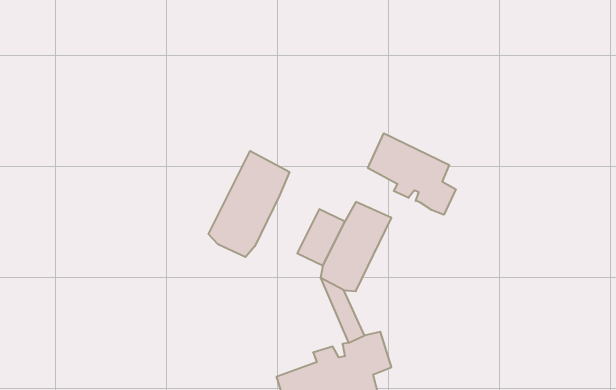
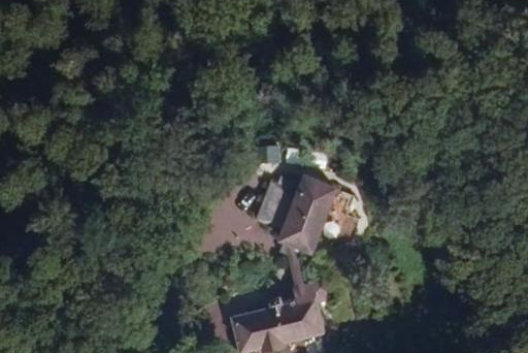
building: [368,133,456,215] -> none
building: [209,151,289,257] -> none

